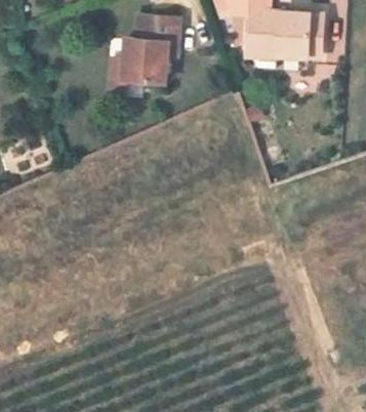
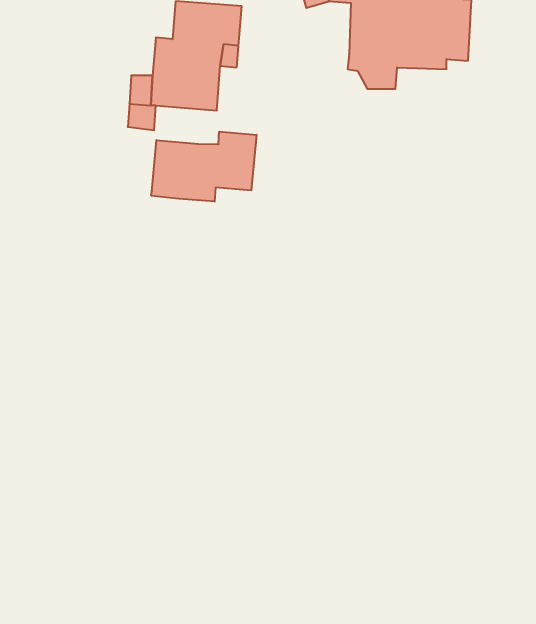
building: none -> [151,132,256,202]

